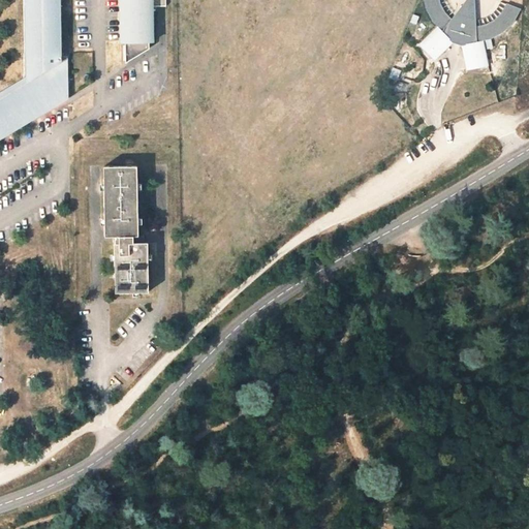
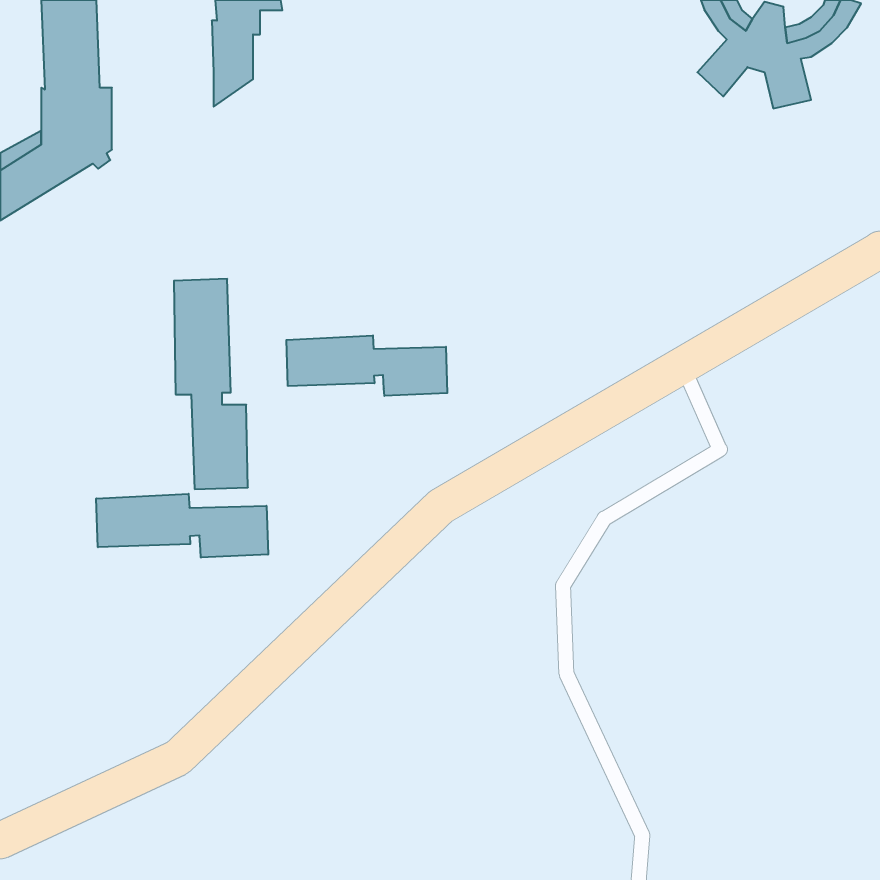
building: none -> [286,335,447,396]
building: none -> [96,494,268,558]

